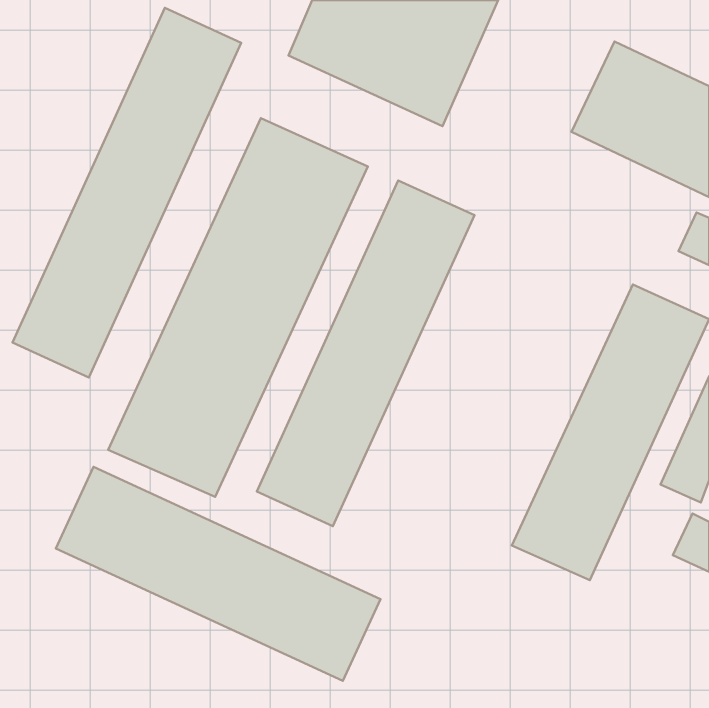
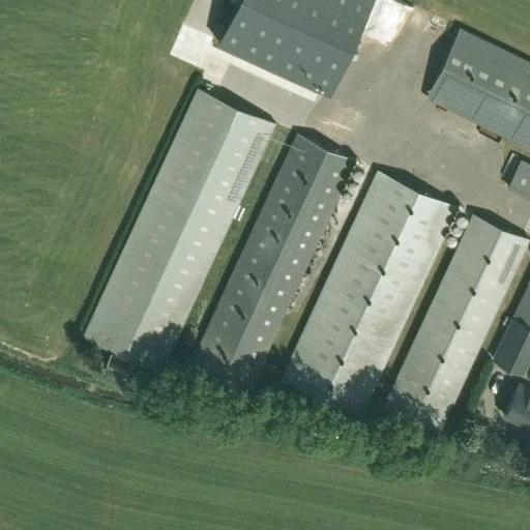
building: [13,8,241,377] -> none
building: none -> [279,171,455,416]
building: [56,467,380,681] -> none

